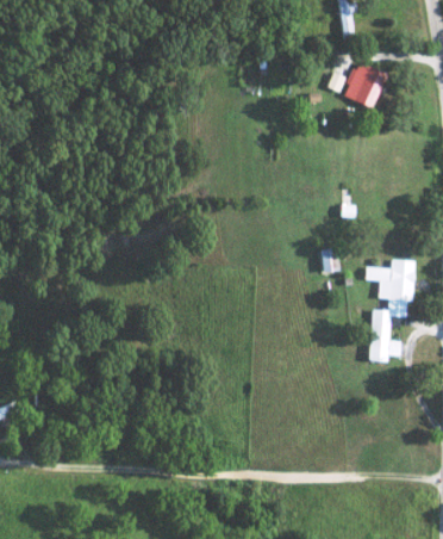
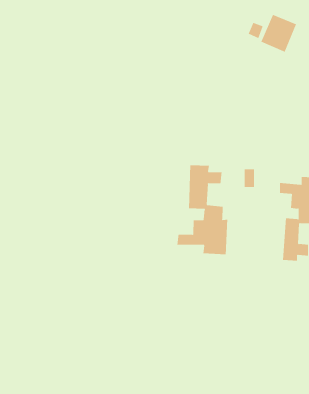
building: none -> [177,164,228,255]

